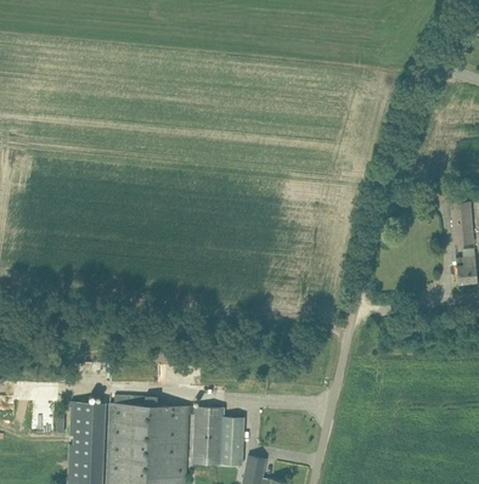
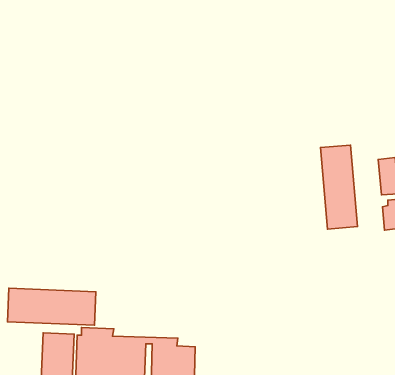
building: none -> [320,145,358,229]
building: none -> [7,288,96,325]

